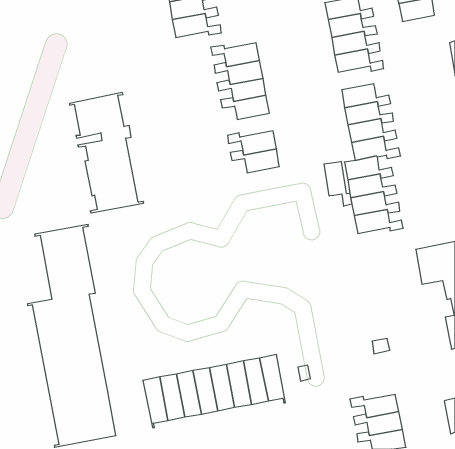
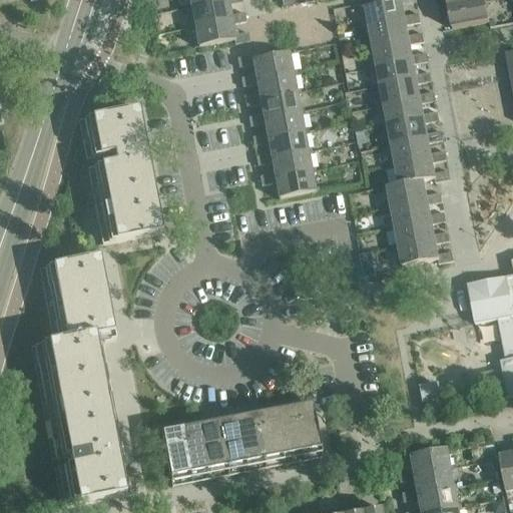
building: none -> [380,74,435,101]
building: none -> [251,127,307,154]
building: [324,161,352,206] -> none

